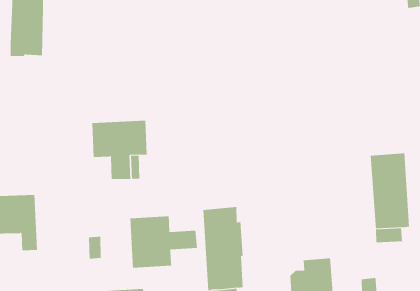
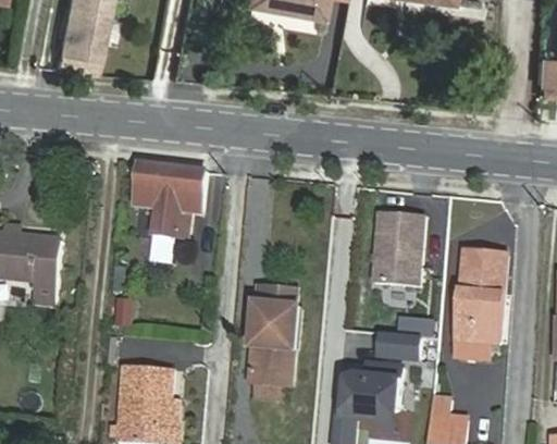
building: none -> [371,210,422,284]
building: [130,215,198,269] -> none
building: none -> [377,331,419,357]

